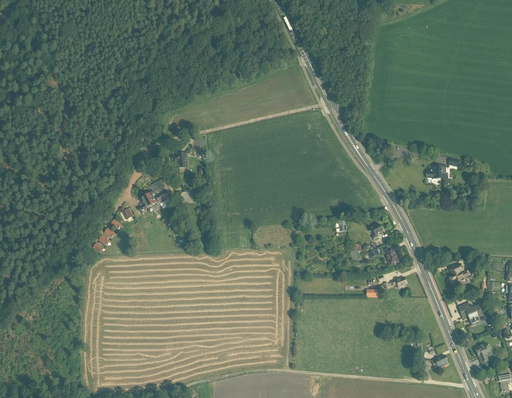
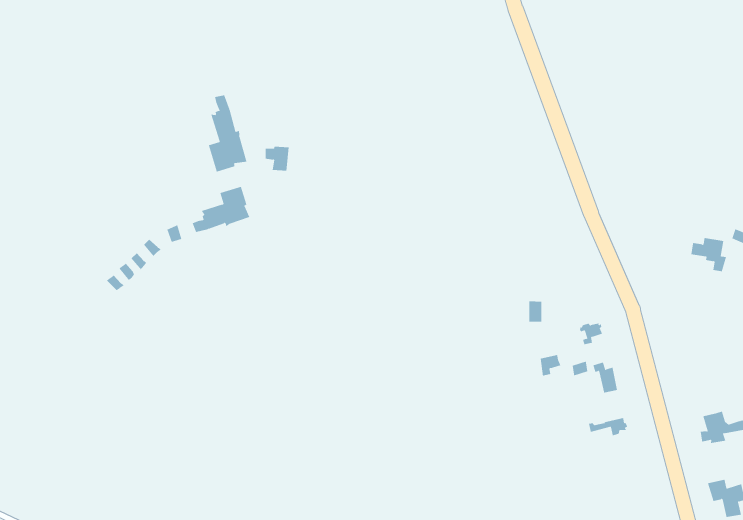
building: none -> [208,94,247,173]

